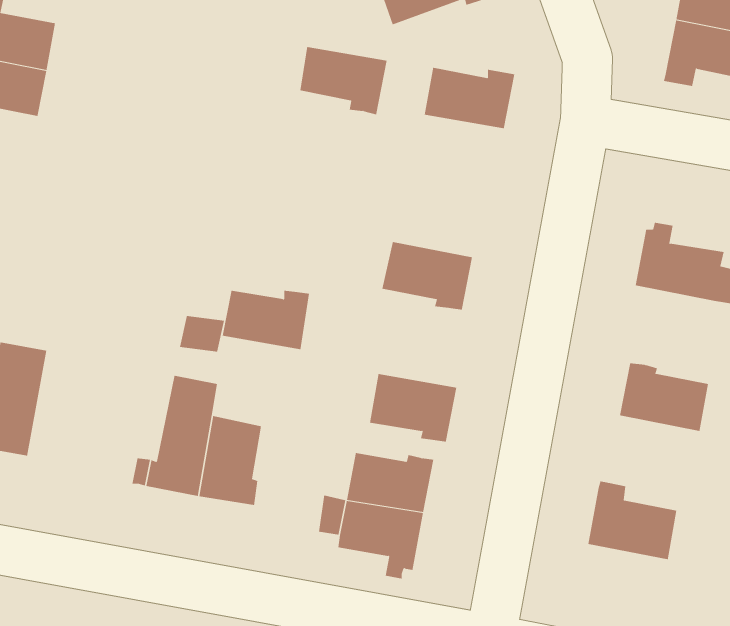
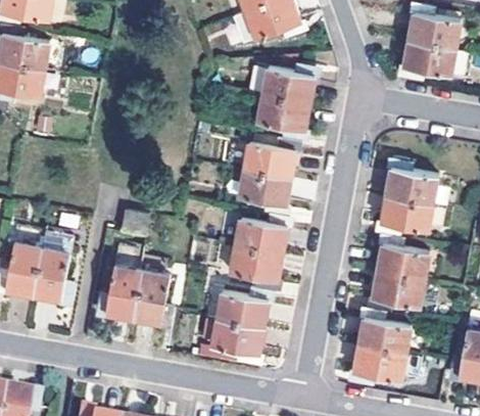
building: [299,46,387,115] -> [258,96,309,136]
building: none -> [244,142,296,179]
building: none -> [379,195,431,230]
building: [222,290,310,350] -> [236,220,287,255]
building: none -> [33,233,70,299]
building: none -> [370,271,423,313]
building: none -> [351,345,404,384]

